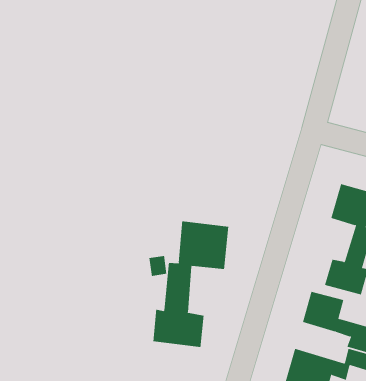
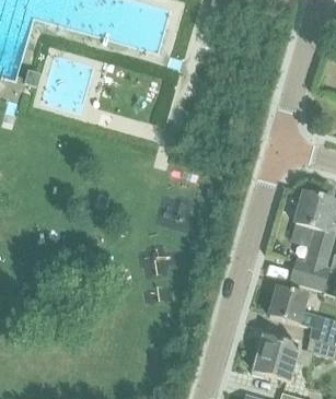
building: [153,220,229,348] -> none

